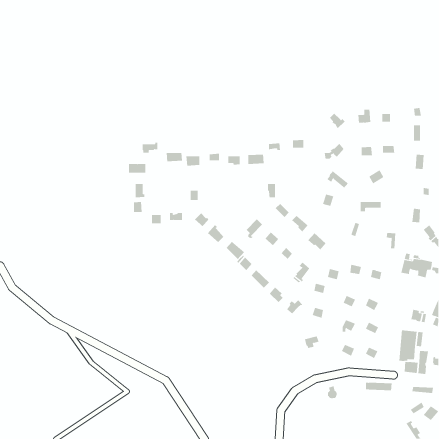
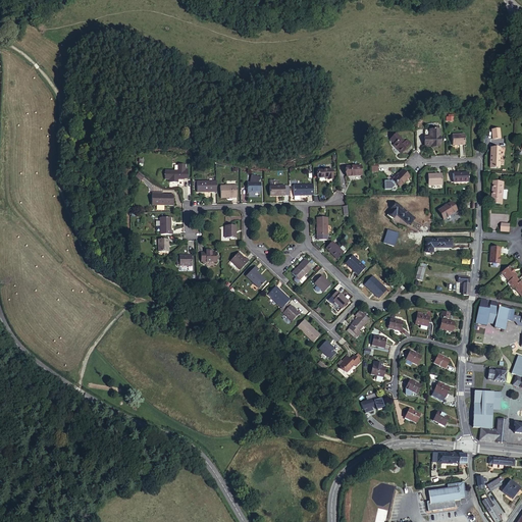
building: none -> [426,482,465,511]

